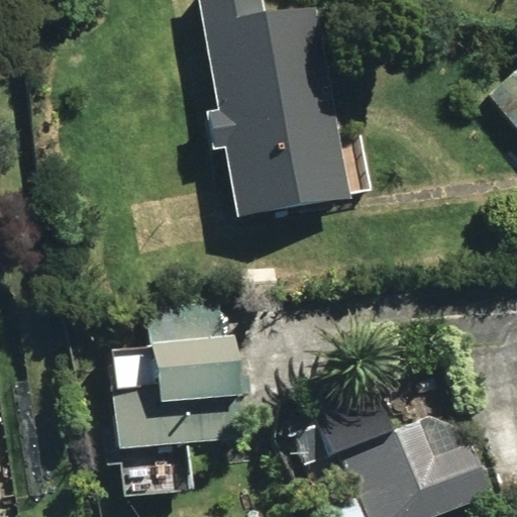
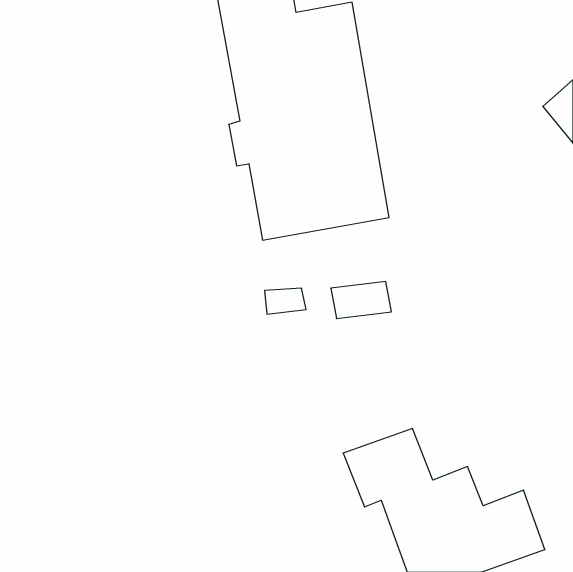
building: [117,336,256,449] -> none

